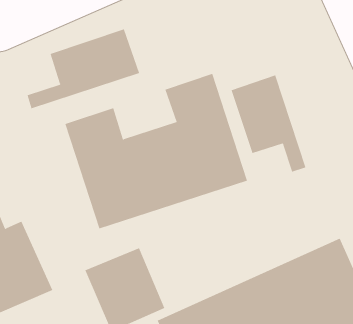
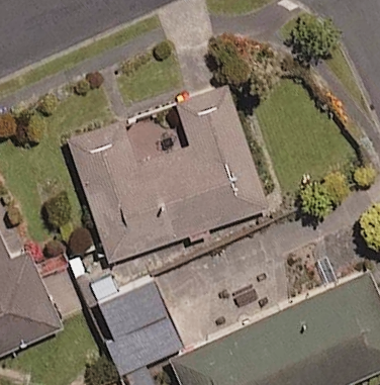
building: [27,29,140,109] -> none
building: [231,74,306,172] -> none

